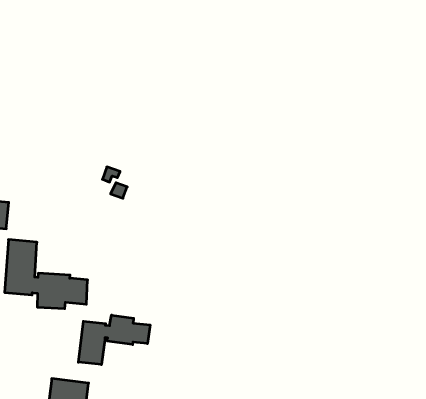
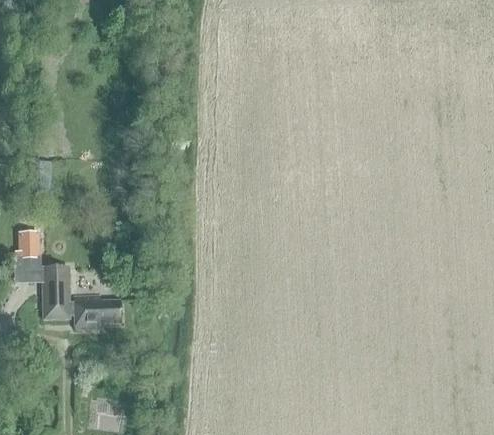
building: [78,315,150,365] -> none

